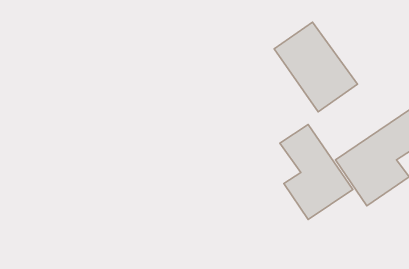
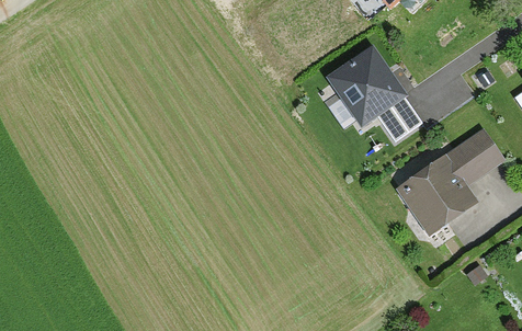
building: [280,125,353,219] -> none

